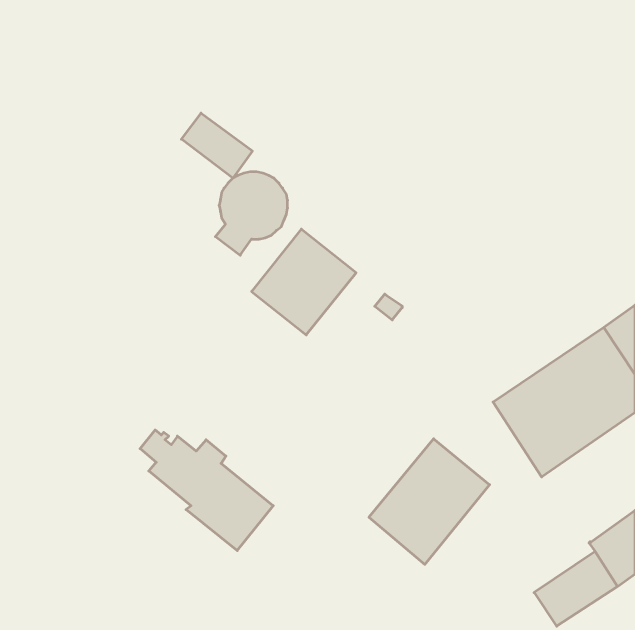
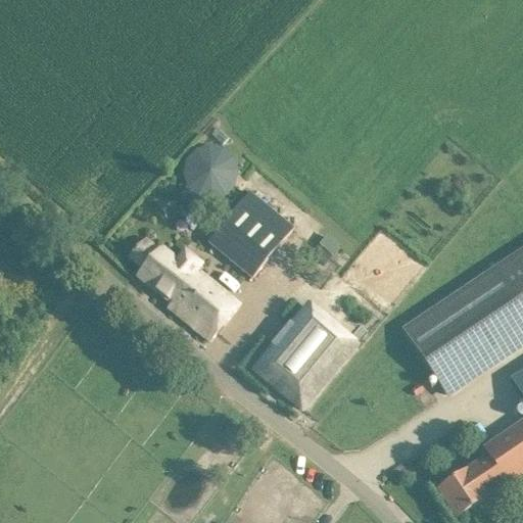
building: [181,113,252,178] -> none
building: [140,430,273,551] -> [130,239,239,338]
building: [369,439,490,564] -> [255,302,354,406]

